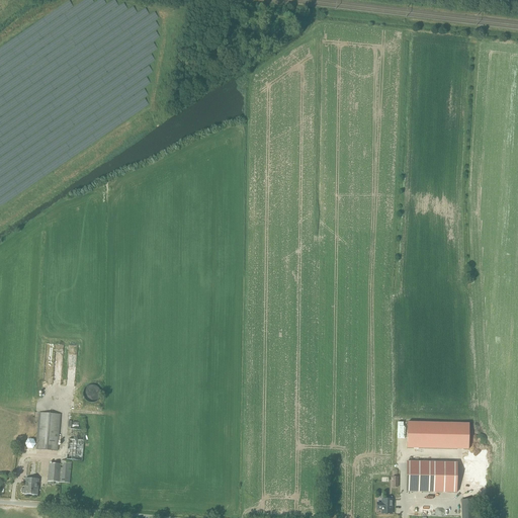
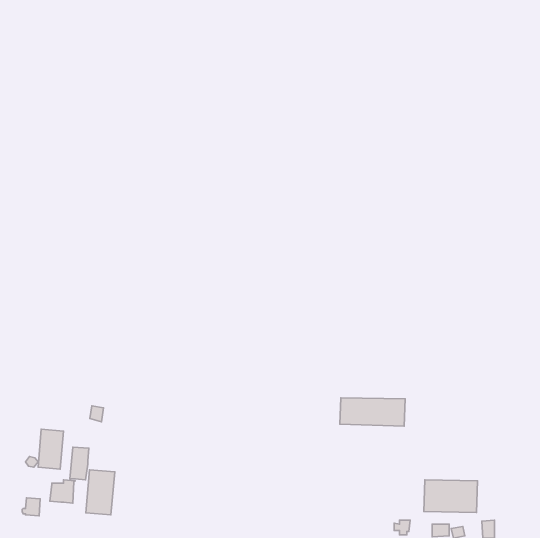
building: [407,421,469,448] -> [340,398,405,426]
building: none -> [86,470,115,515]

